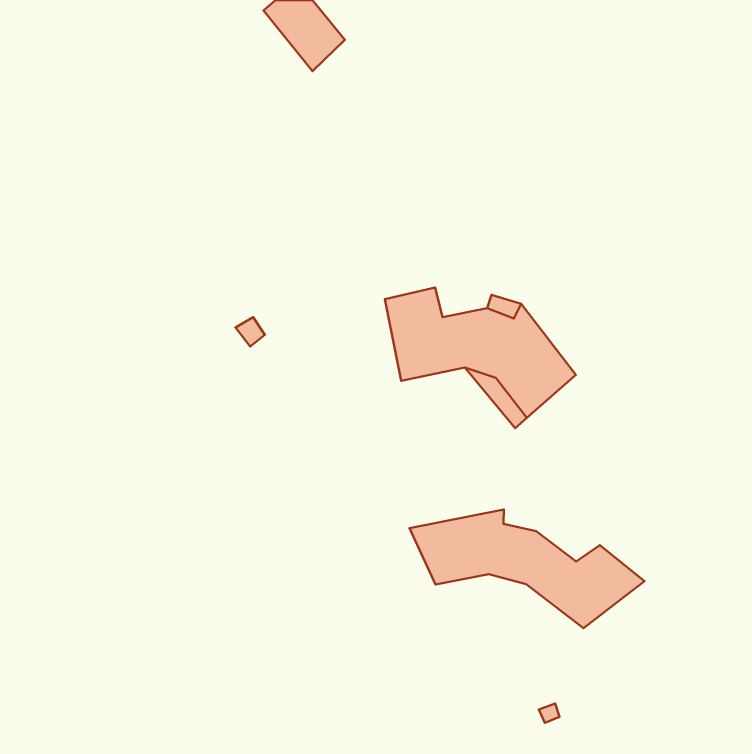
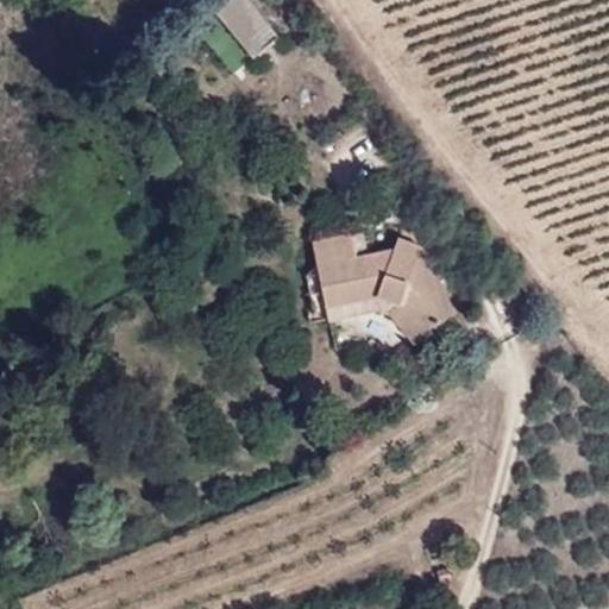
building: [410,509,645,628] -> none

